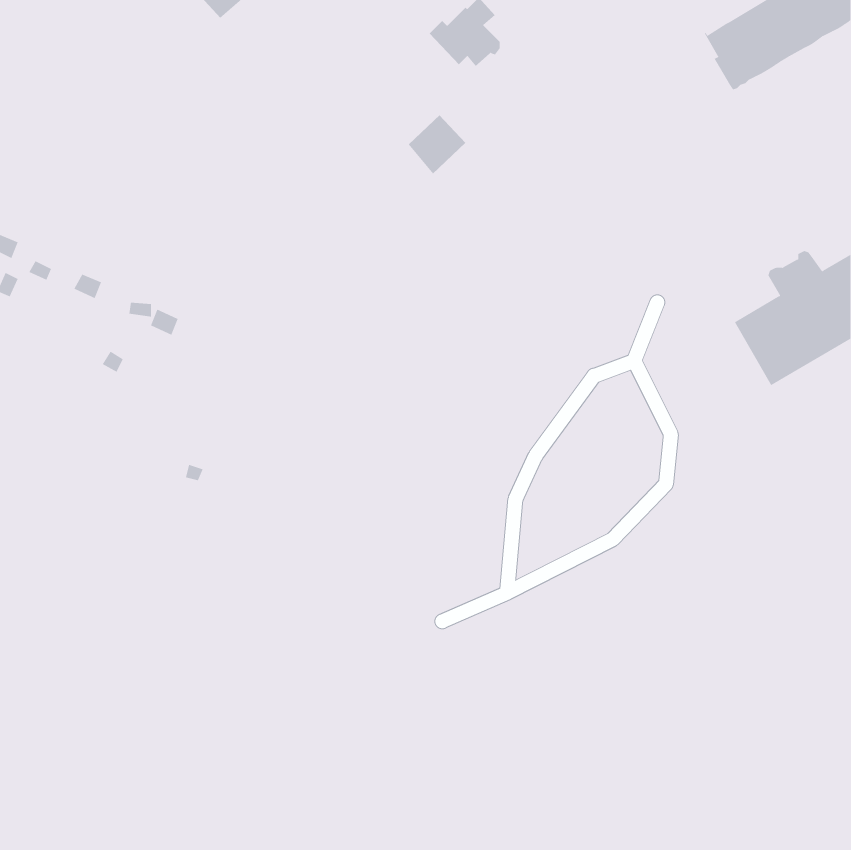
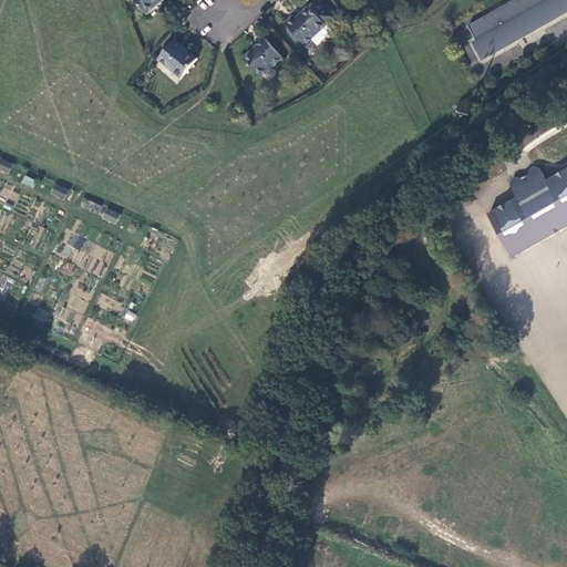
building: none -> [158,38,197,76]
building: [408,114,466,175] -> [244,37,282,76]

